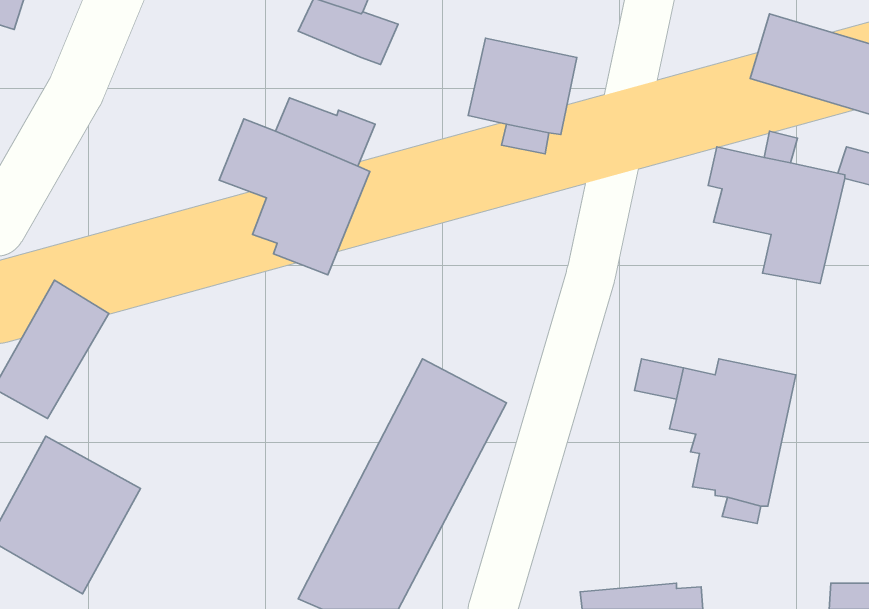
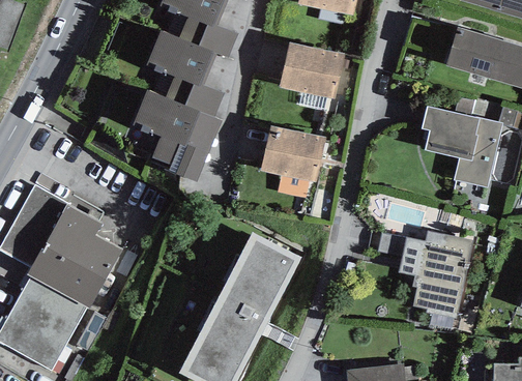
building: none -> [146,30,216,87]
building: none -> [261,125,326,198]
building: none -> [27,204,122,309]

